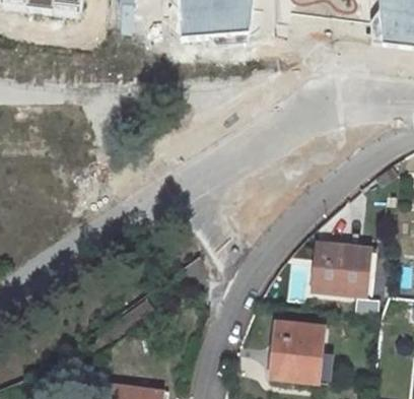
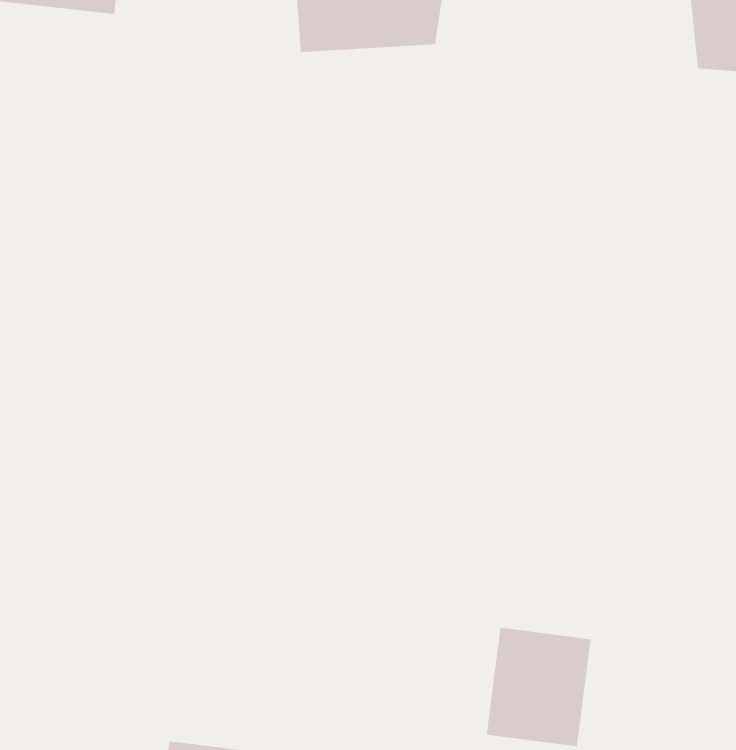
building: [312,238,374,293] -> none

